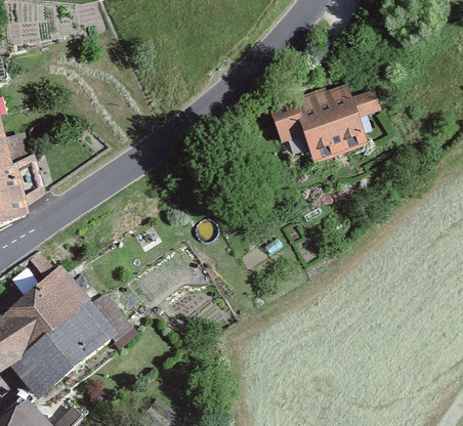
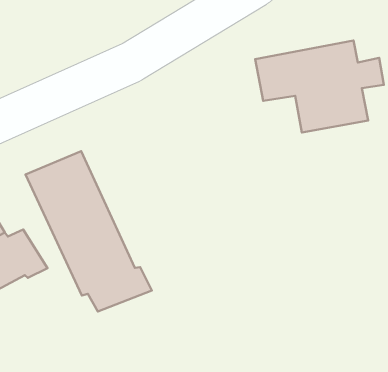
building: none -> [26,151,152,311]

